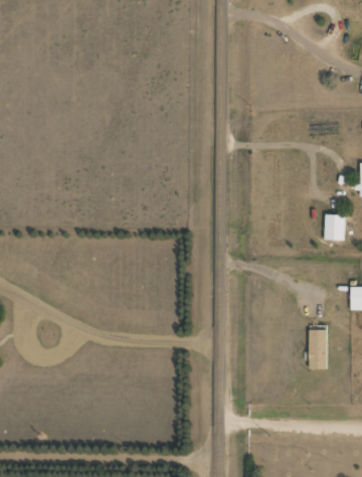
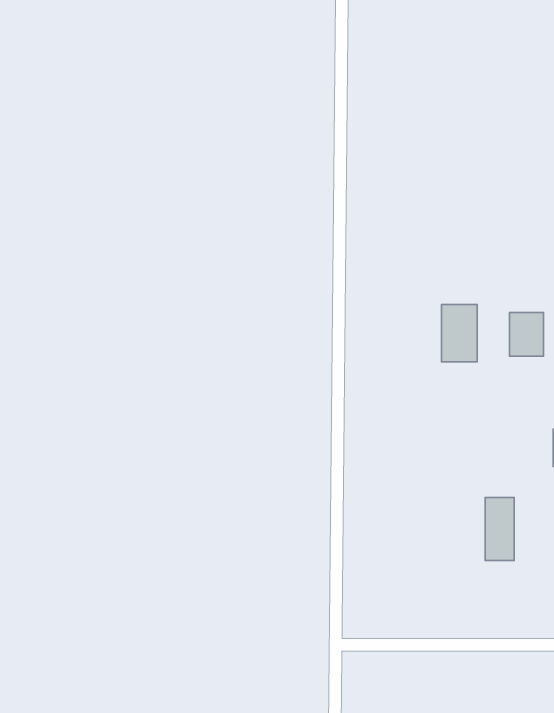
building: none -> [441,304,477,362]

